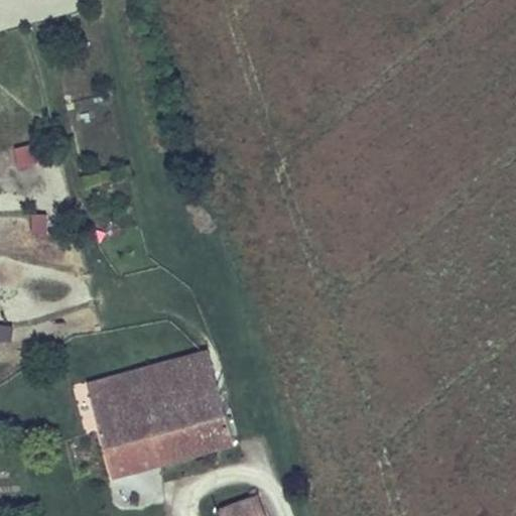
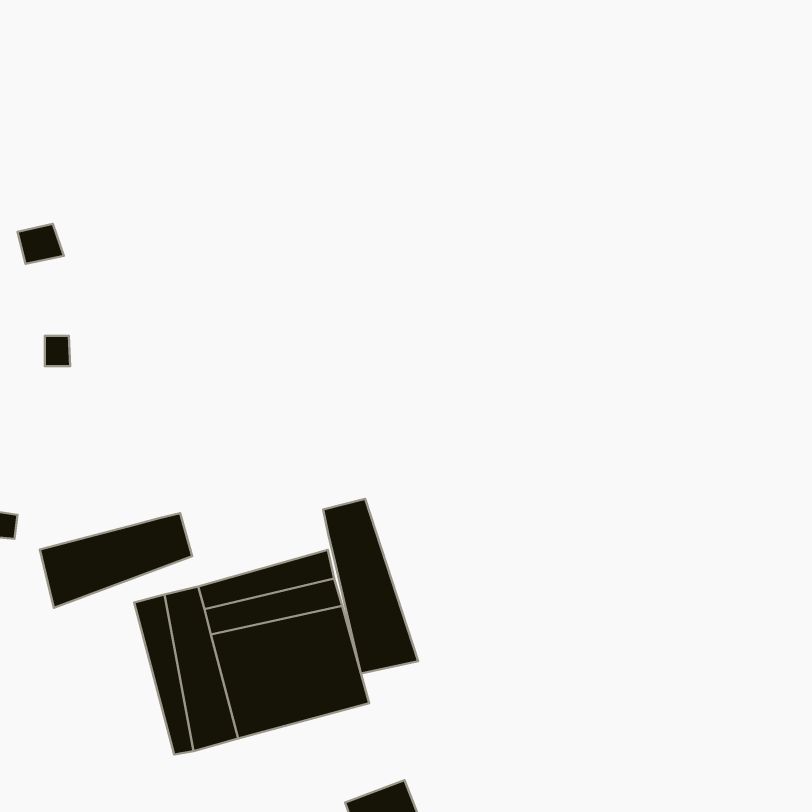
building: none -> [323,499,418,673]
building: none -> [40,513,192,608]

